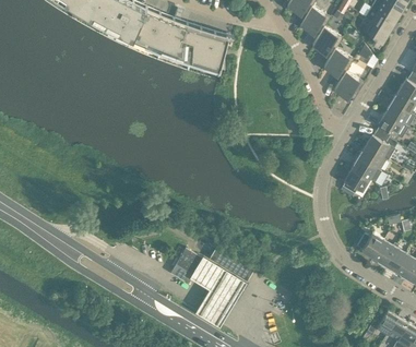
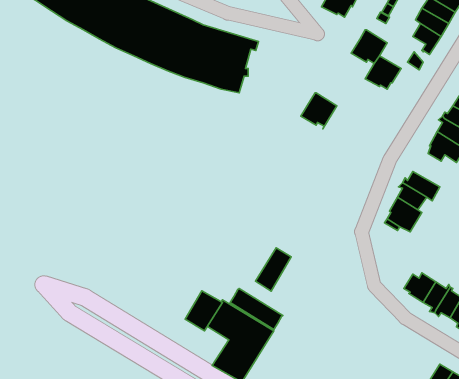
building: [299,7,330,35] -> none
building: [333,72,364,103] -> [301,93,337,129]
building: [364,132,397,161] -> none
building: none -> [256,248,291,291]

